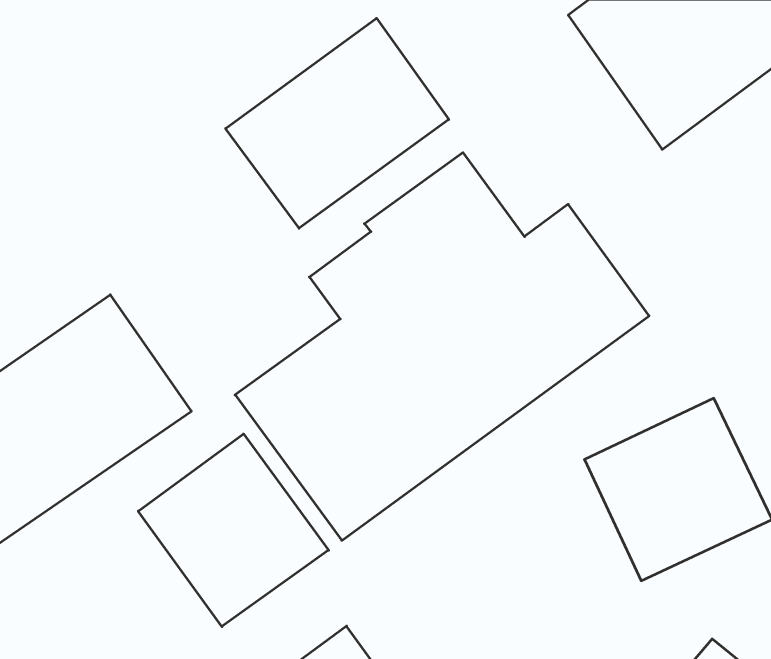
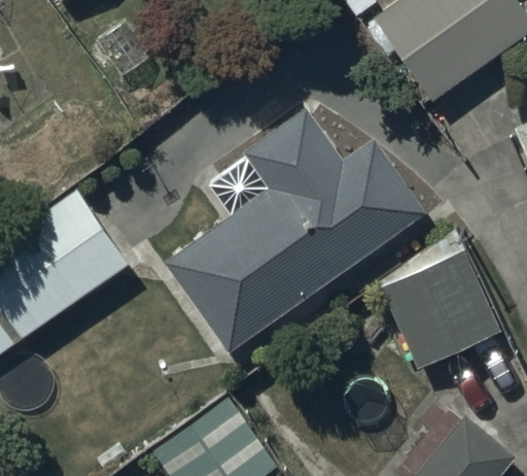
building: [226,18,449,228] -> none
building: [138,434,329,627] -> none

